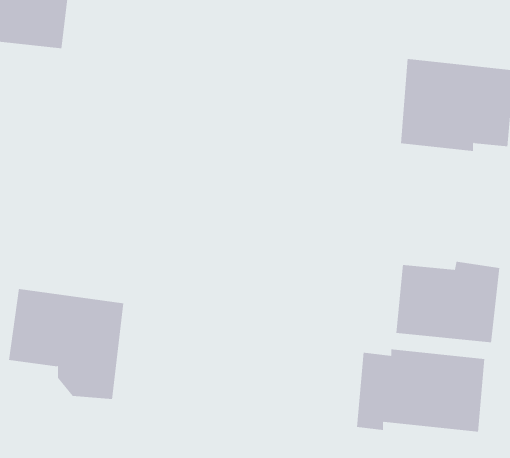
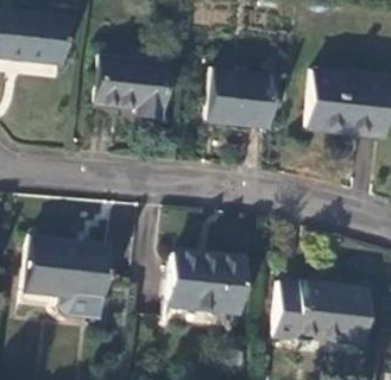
building: none -> [97,53,170,113]
building: none -> [210,68,276,125]
building: [396,261,500,343] -> [170,253,246,312]

